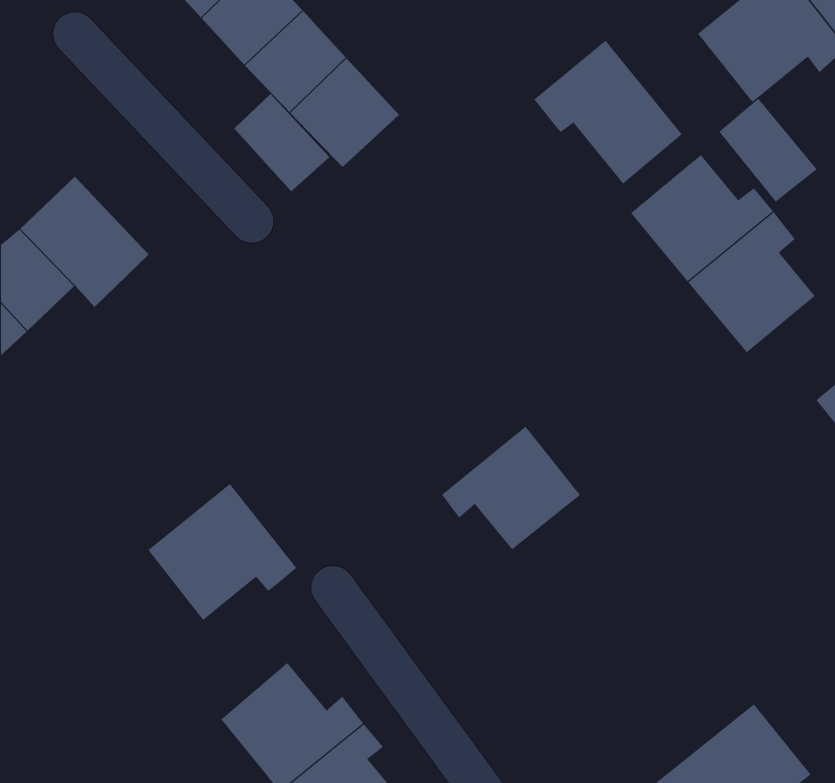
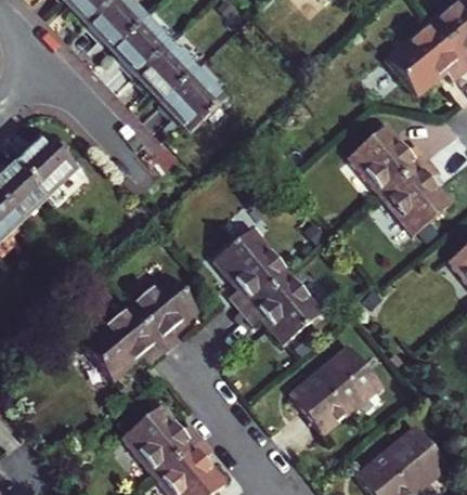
building: [533,40,682,185] -> none
building: [233,93,330,192] -> none
building: [719,98,817,202] -> none
building: none -> [215,227,290,312]
building: none -> [128,274,198,352]
building: none -> [289,346,380,433]

